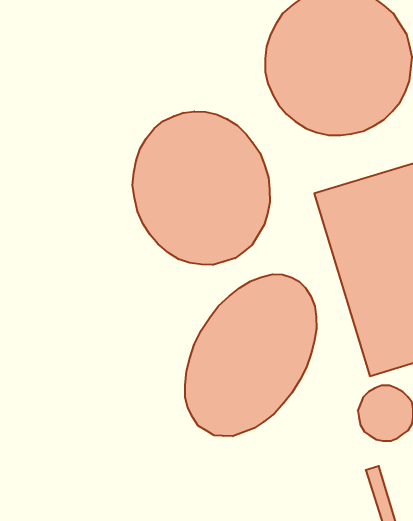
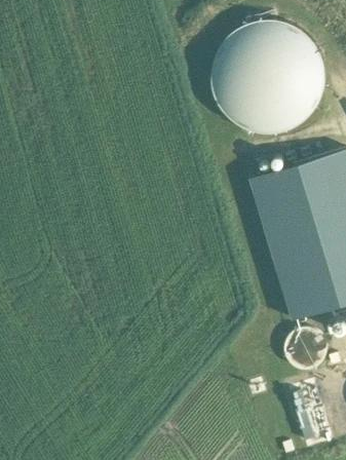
building: [132,111,270,265] -> none
building: [185,274,316,436] -> none

